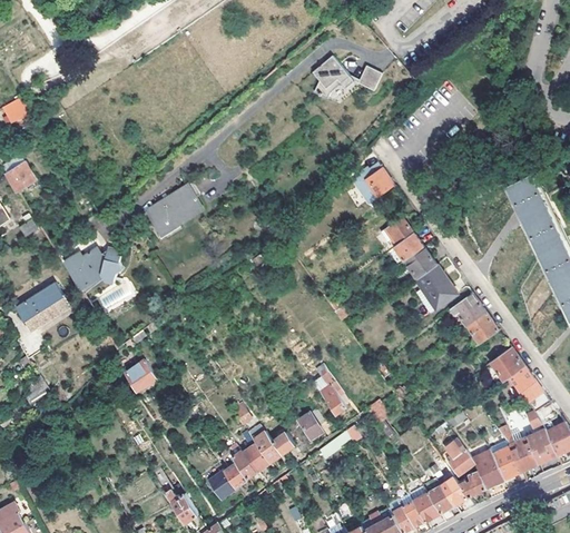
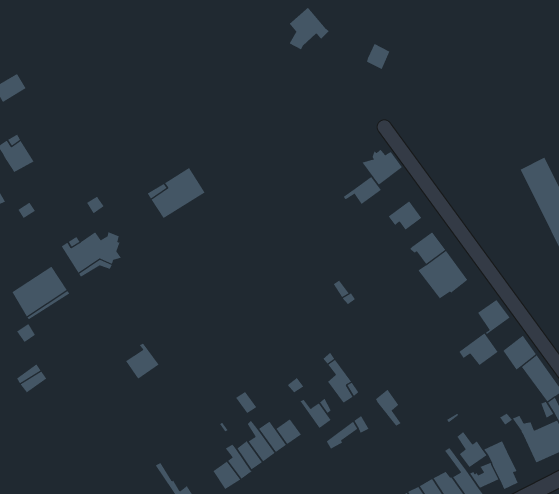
building: [313,57,353,99] -> [289,7,330,50]
building: [384,235,422,263] -> [343,176,382,205]
building: [445,295,484,327] -> [458,332,499,366]
building: [490,442,522,481] -> none

